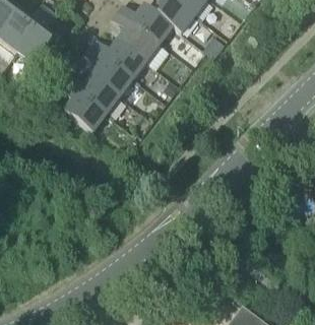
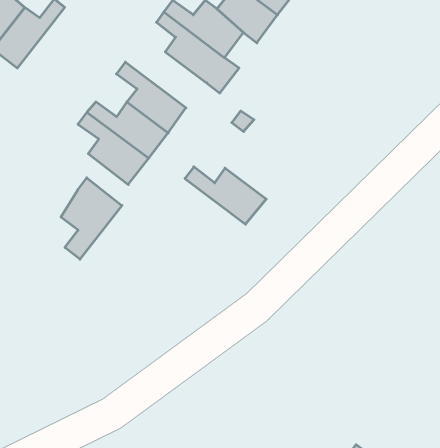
building: [16,11,58,67] -> none
building: [90,41,146,80] -> [185,167,266,224]
building: none -> [61,178,122,259]

